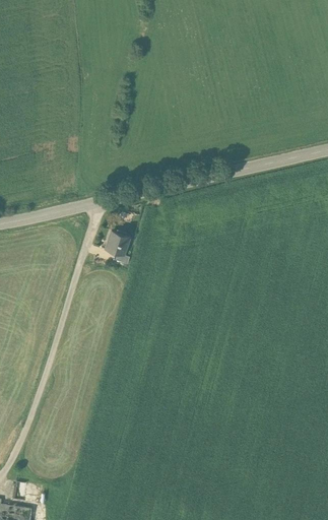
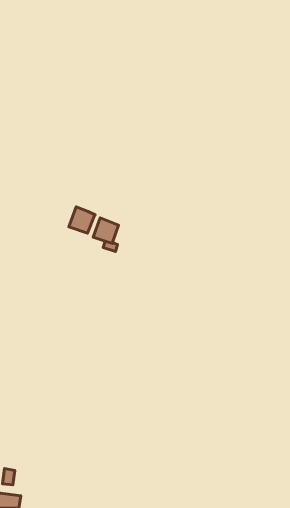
building: none -> [69,207,95,233]

